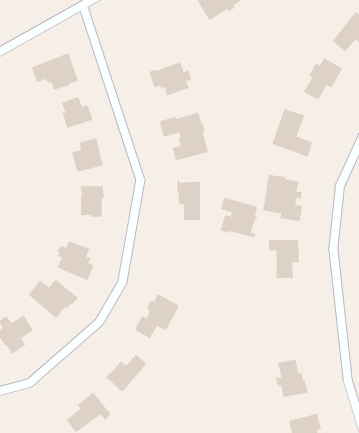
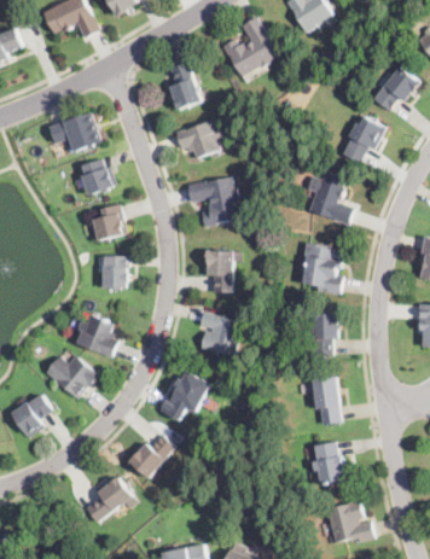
building: none -> [169,63,201,110]
building: [220,197,258,238] -> [199,311,240,356]
building: none -> [312,377,341,424]

